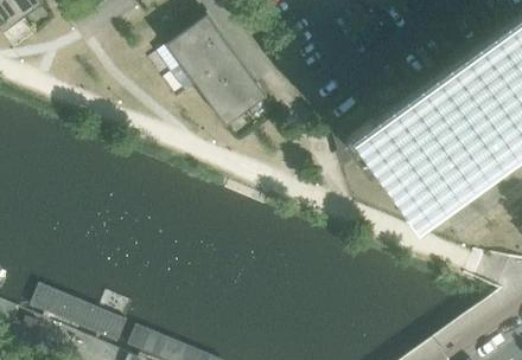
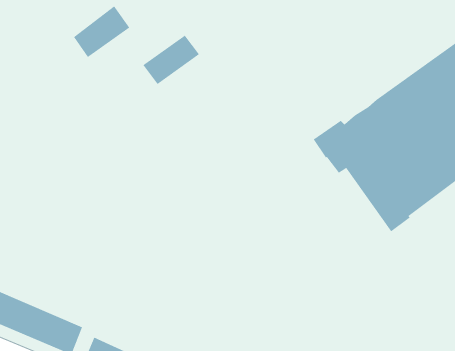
building: [168,14,224,65] -> [73,6,130,58]
building: [206,69,269,127] -> none

